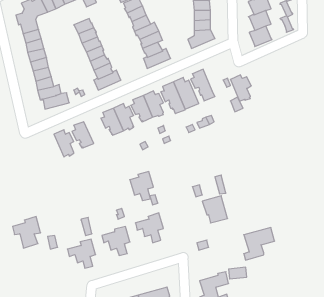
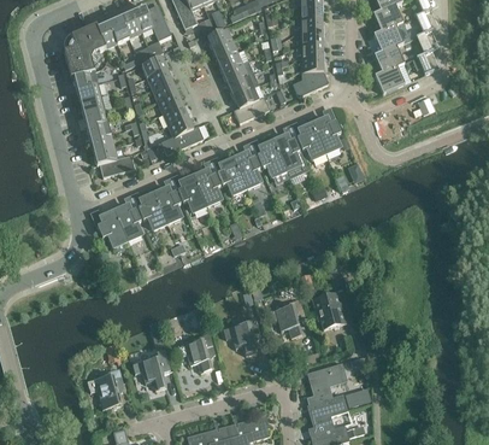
building: [230,75,251,101] -> [313,117,341,152]
building: none -> [154,187,181,222]
building: none -> [96,210,128,246]
building: [130,172,153,201] -> [275,298,306,336]
building: [13,217,41,248] -> [88,367,125,409]
building: [244,228,275,260] -> [306,362,347,405]

